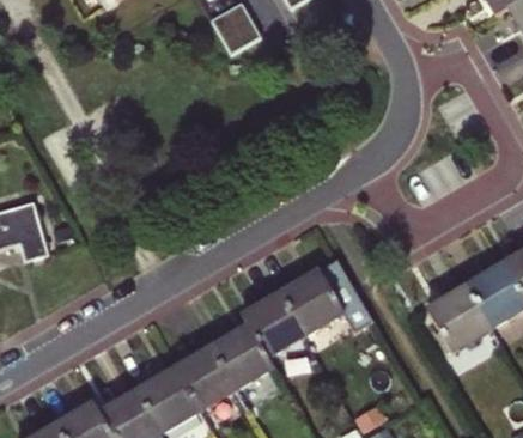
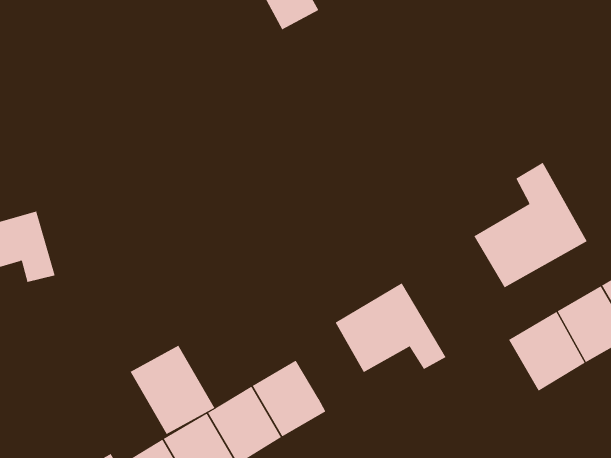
building: none -> [474,162,588,288]
building: [242,293,304,357] -> none
building: none -> [130,345,215,435]

